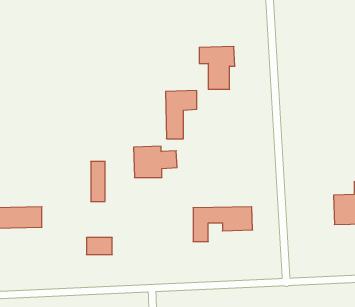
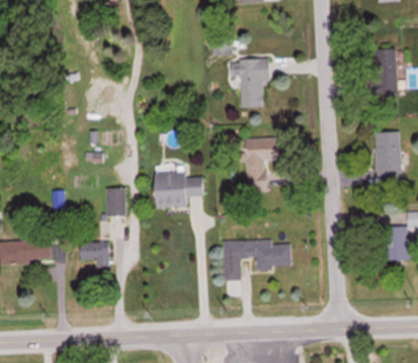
building: none -> [370,49,399,92]
building: [166,91,197,139] -> [245,137,280,191]
building: none -> [374,130,401,185]
building: [86,238,112,255] -> [80,242,109,261]

